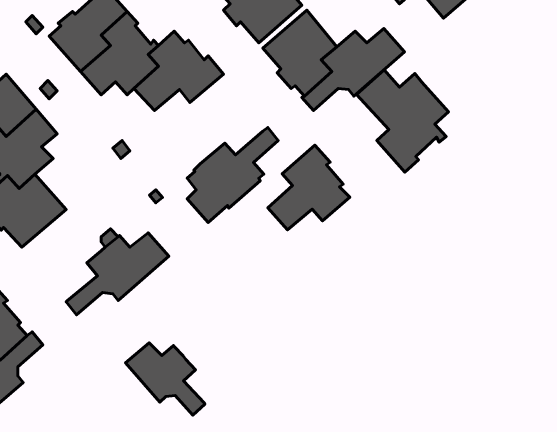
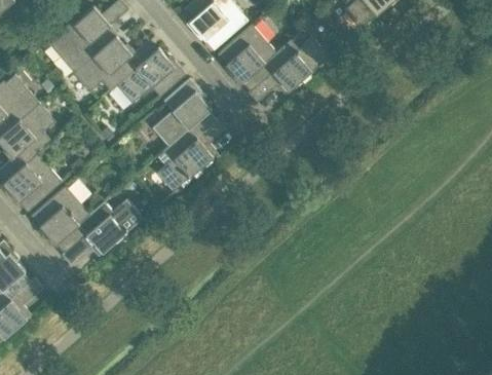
building: [357,70,449,172] -> none
building: [268,145,350,230] -> [152,78,217,145]
building: none -> [31,185,89,253]
building: [126,343,205,415] -> none

